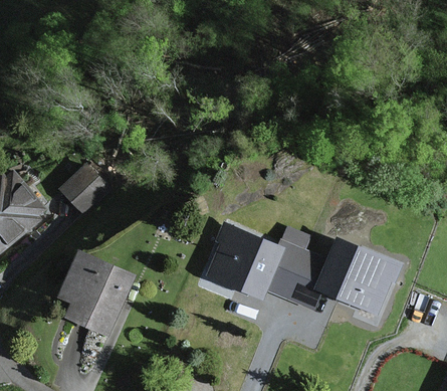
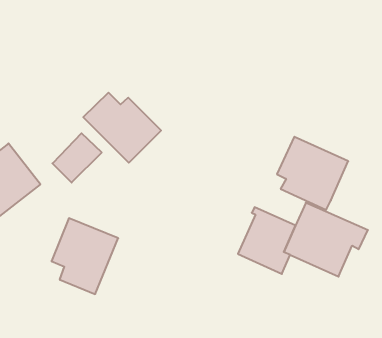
building: none -> [83,93,161,163]
building: [206,220,284,301] -> [277,137,348,210]

